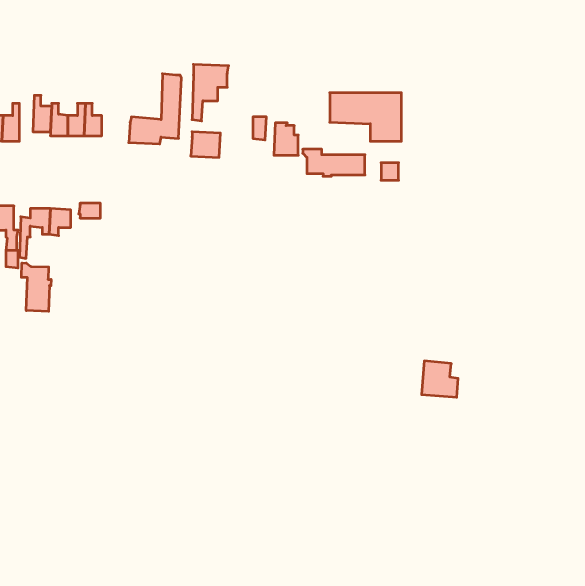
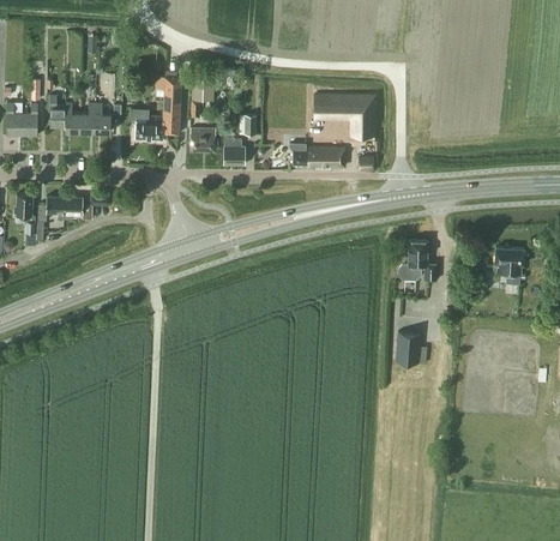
building: [274,123,298,155] -> [223,136,245,164]
building: none -> [398,240,436,279]
building: [21,263,51,311] -> none
building: none -> [494,246,525,283]

